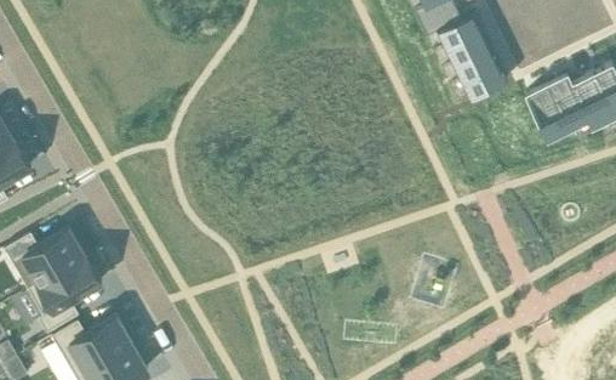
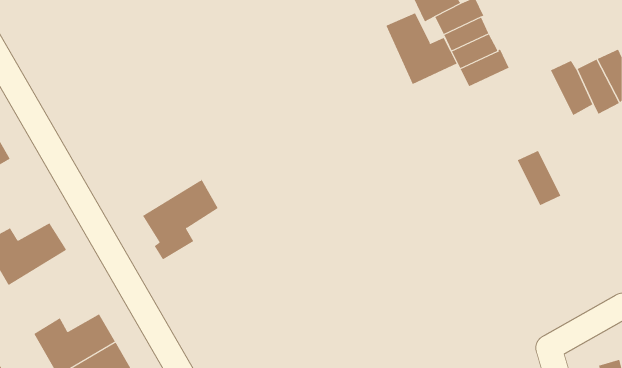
building: none -> [386,12,457,85]
building: [525,84,567,137] -> [517,150,561,206]
building: [28,255,101,333] -> [142,179,218,260]

